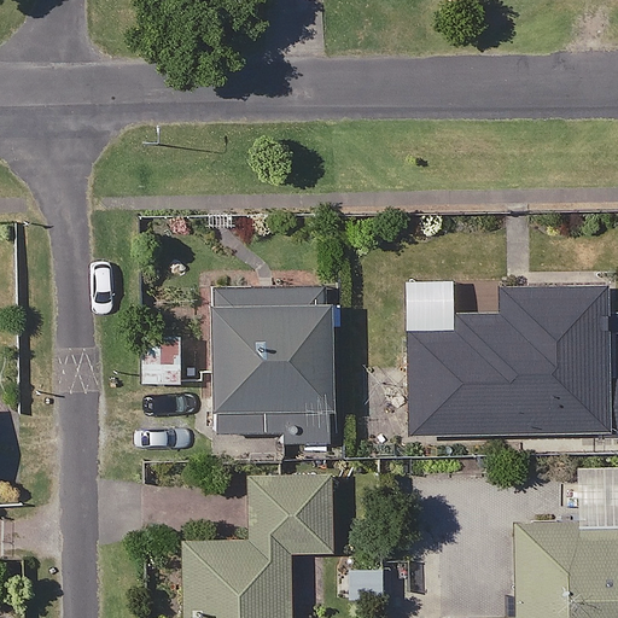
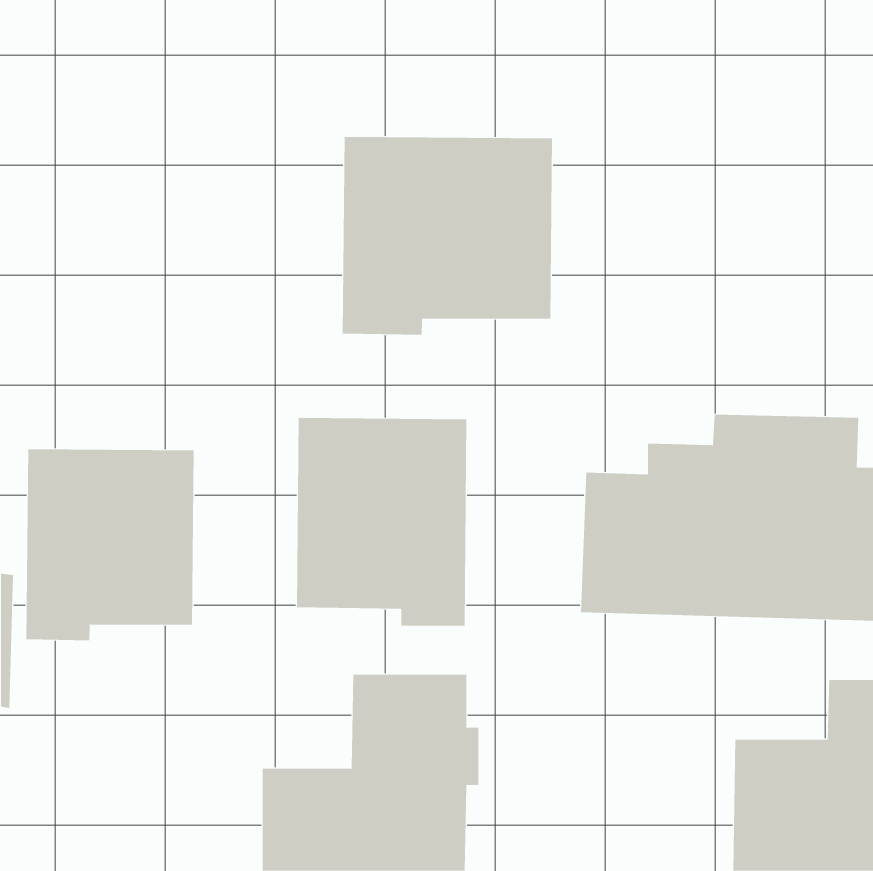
building: none -> [342,136,552,335]
building: none -> [26,449,194,641]

